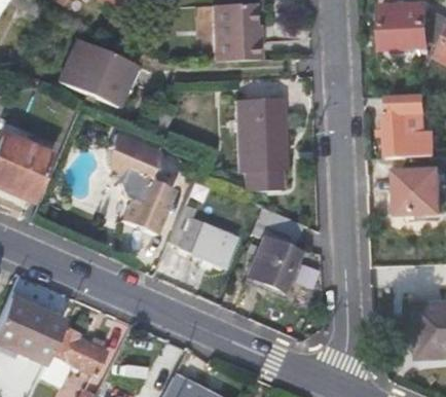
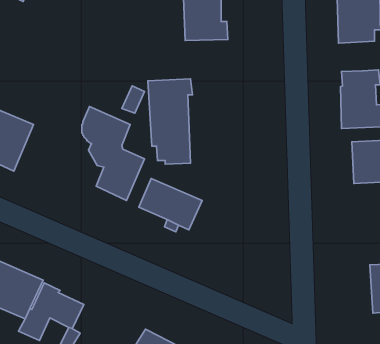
building: [60,39,139,108] -> none
building: [236,98,285,190] -> [148,79,193,164]
building: [248,206,304,291] -> none

